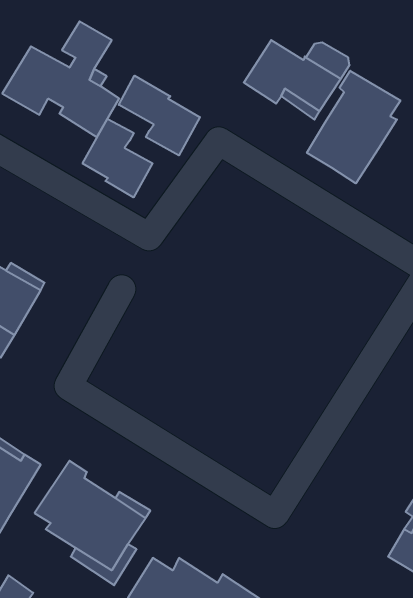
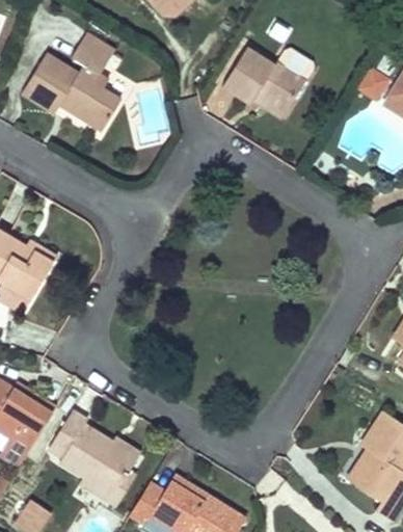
building: [307,71,400,183] -> none
building: [119,76,200,155] -> none
building: [83,119,153,197] -> none

